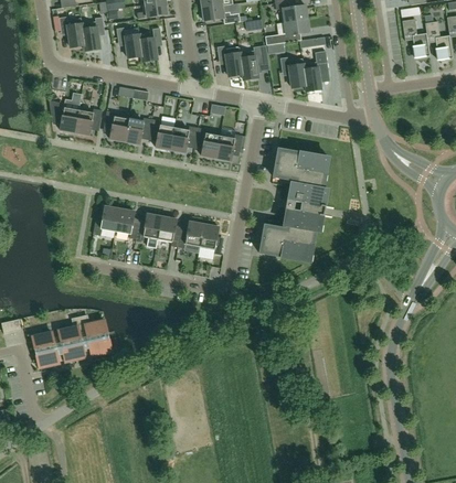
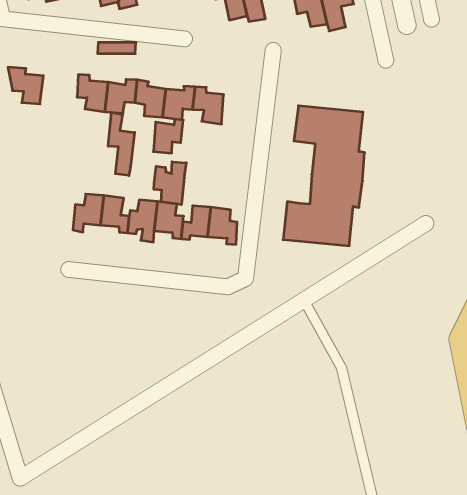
building: [74,108,103,135] -> none
building: [216,133,242,160] -> [153,119,183,153]
building: none -> [108,112,135,176]
building: none -> [154,162,186,205]
building: [32,321,113,368] -> none

